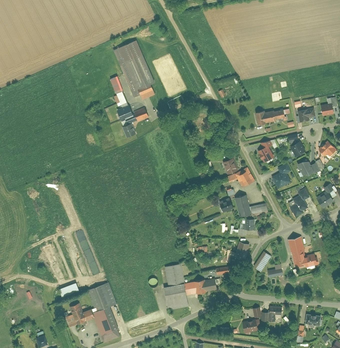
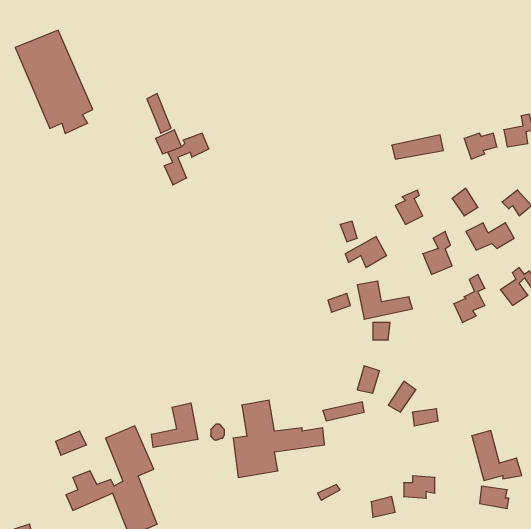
building: [113,41,158,101] -> [15,30,93,134]
building: [287,236,316,265] -> [472,431,522,481]
building: none -> [152,403,198,447]

